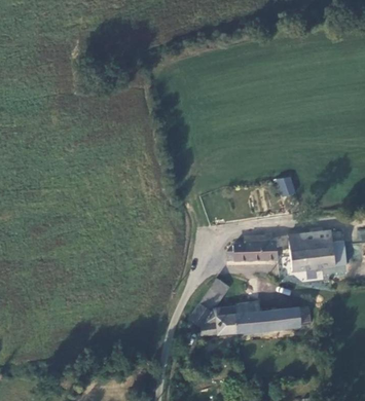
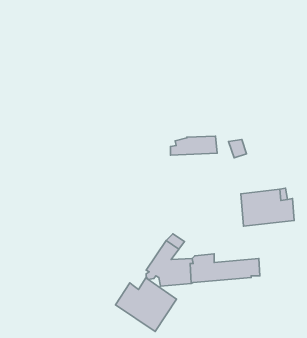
building: [227,243,278,263] -> [170,136,217,155]
building: none -> [115,278,176,332]

